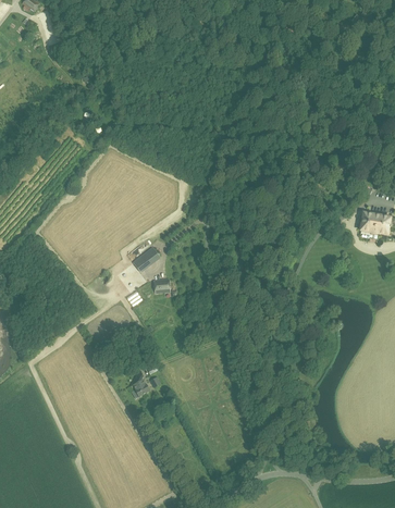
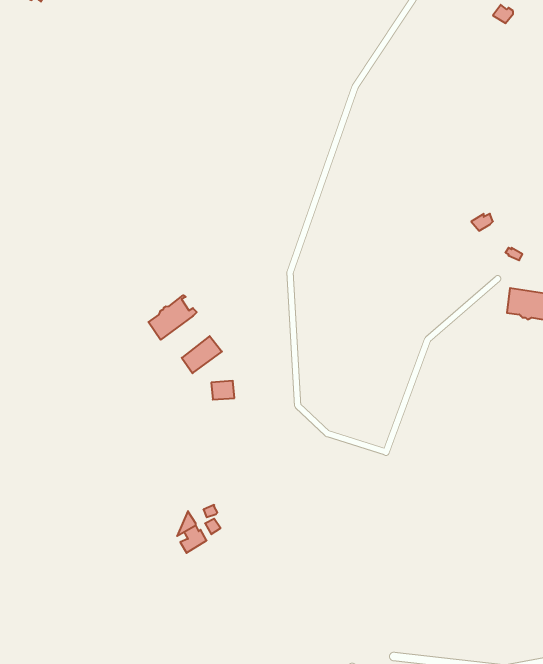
building: none -> [148,295,197,340]

